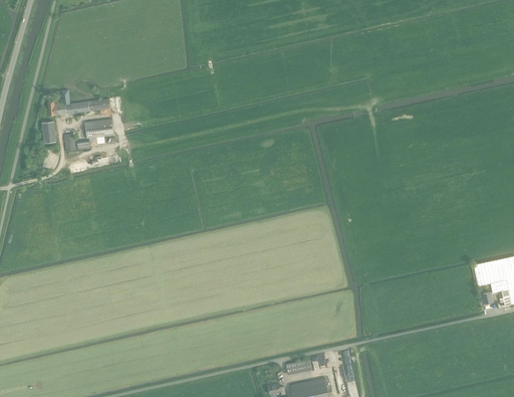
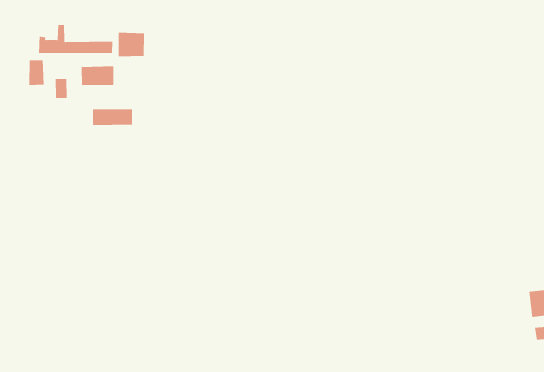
building: none -> [118,32,144,57]
building: none -> [92,108,132,126]

